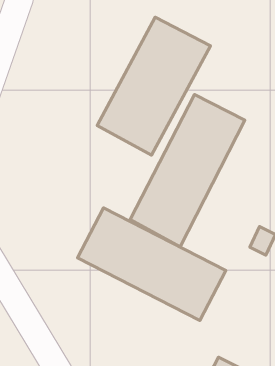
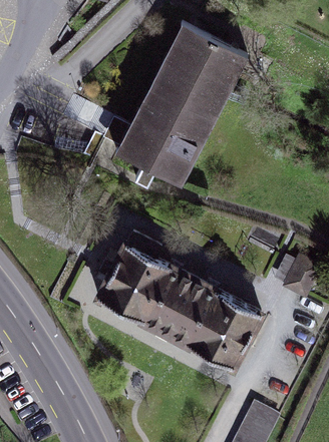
building: [130,94,245,247] -> none

